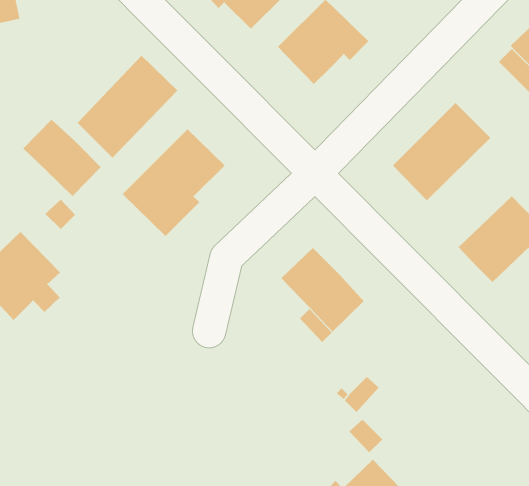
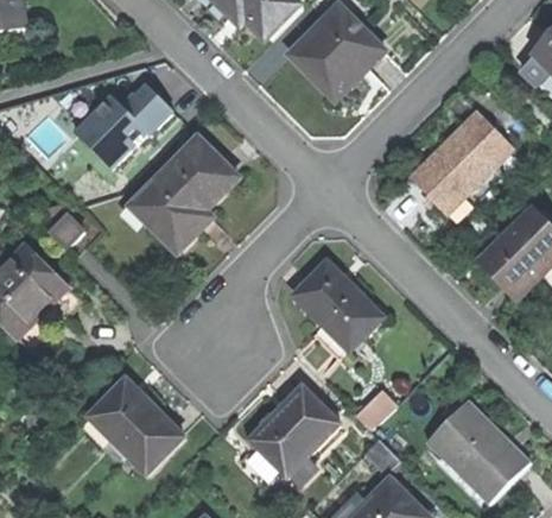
building: [23,119,101,197] -> none
building: none -> [89,379,182,473]
building: none -> [252,387,340,476]
building: none -> [427,400,528,501]

